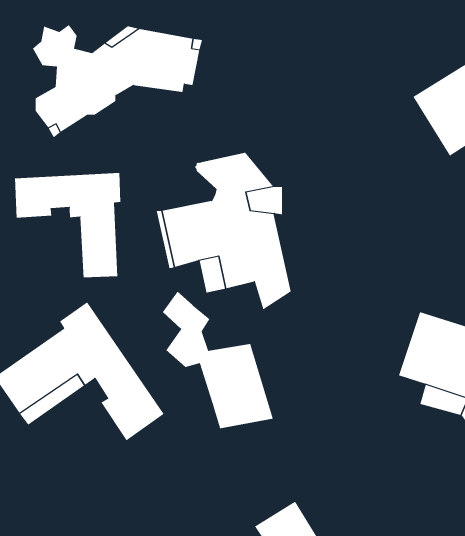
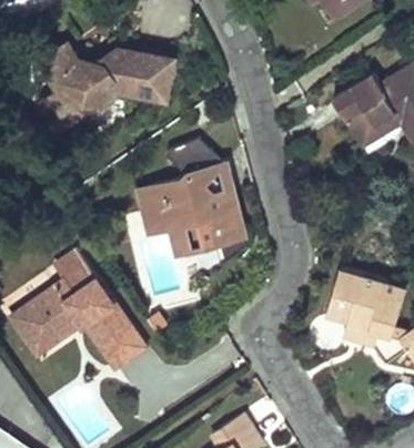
building: [15,172,121,278] -> none
building: [162,291,274,429] -> none

